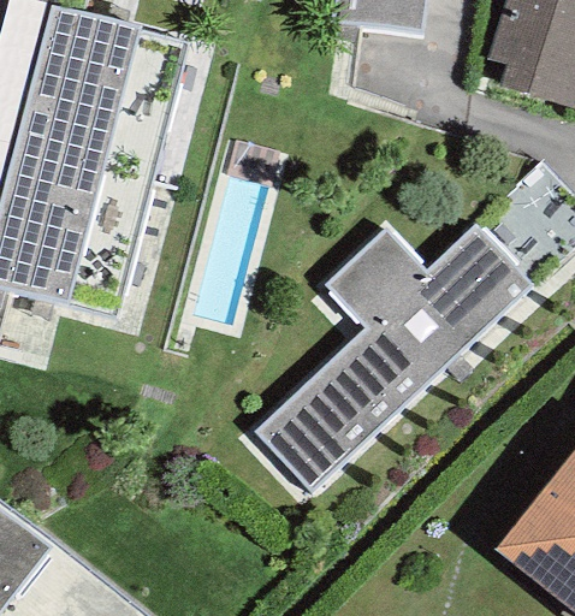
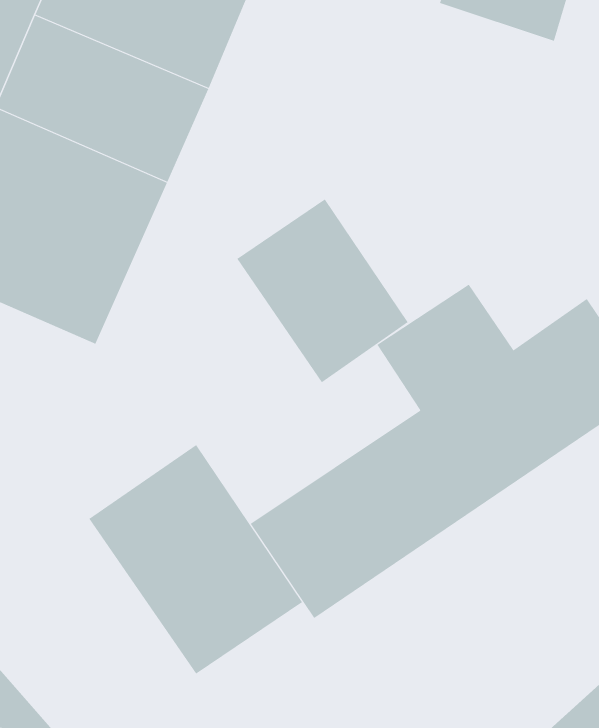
building: none -> [236,199,409,383]
building: none -> [88,444,303,674]

